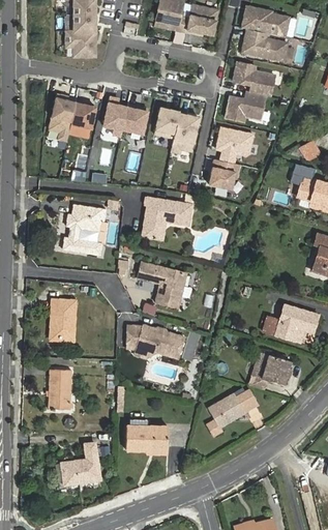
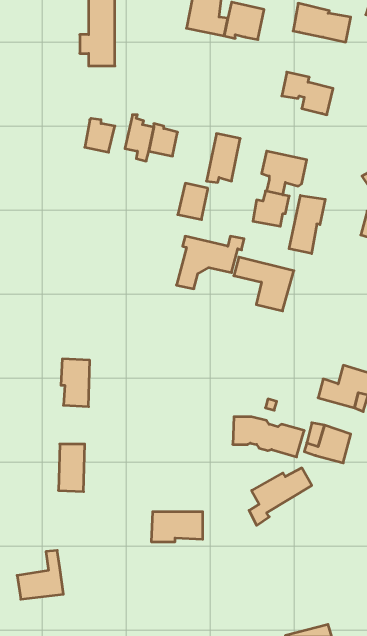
building: [242,29,288,61] -> none
building: [226,92,266,122] -> none
building: [49,94,74,141] -> none
building: [154,108,179,138] -> [178,183,208,220]
building: none -> [289,195,325,254]
building: [63,205,106,255] -> none
building: [137,262,186,306] -> [234,257,294,311]
building: [126,325,185,358] -> [233,417,304,457]
building: [61,443,99,483] -> [17,550,63,599]

